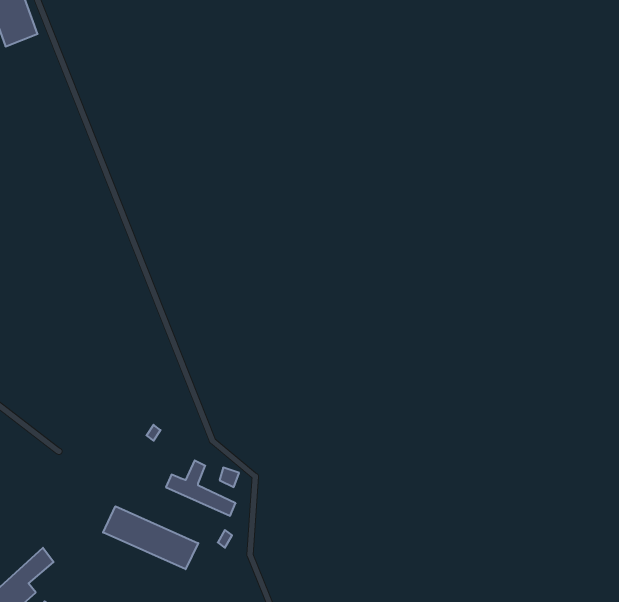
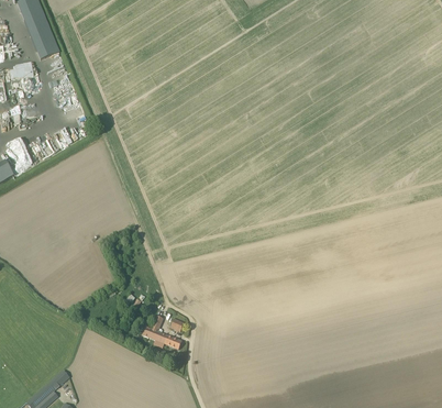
building: [103,506,198,569] -> none

